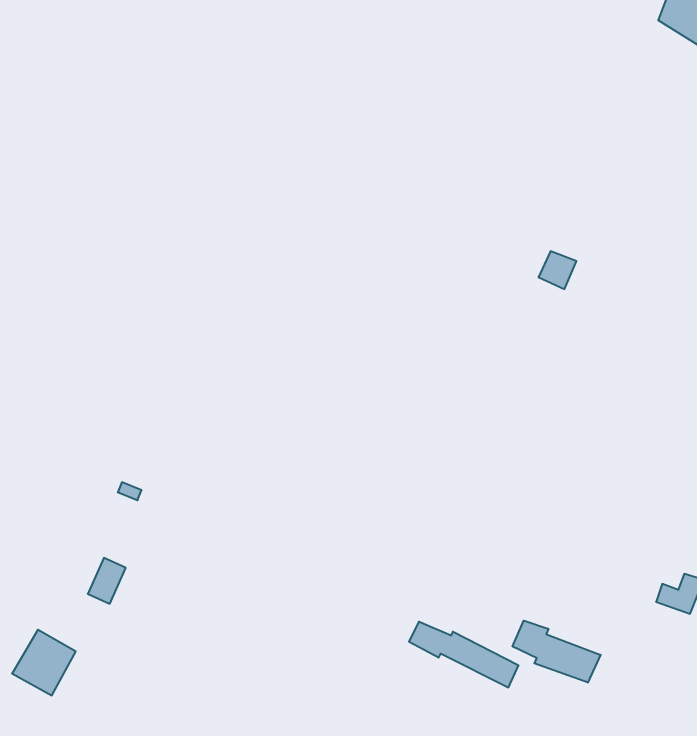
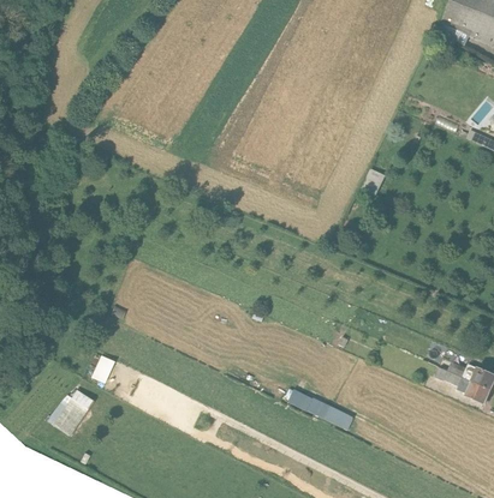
building: [513,621,601,683] -> none

